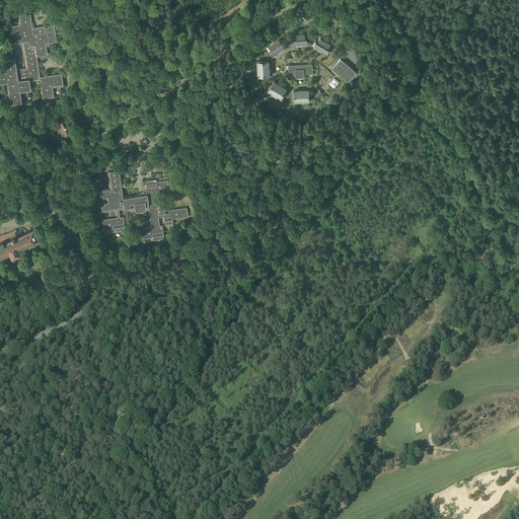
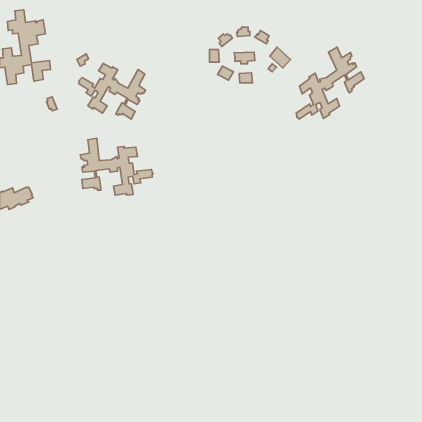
building: none -> [296,47,364,119]
building: none -> [79,63,146,119]

